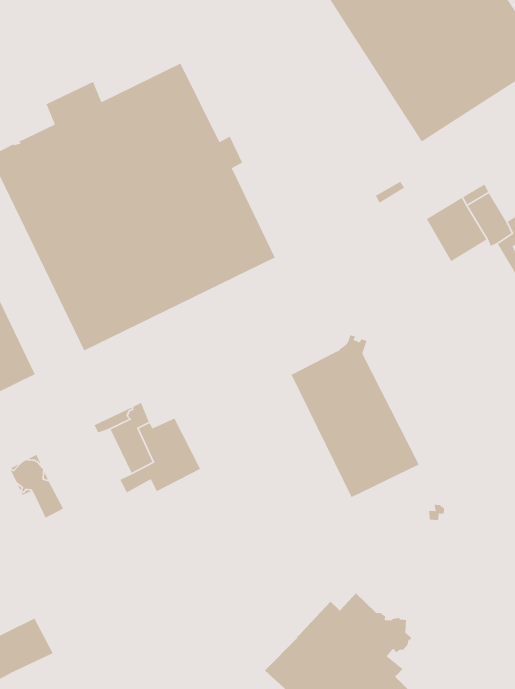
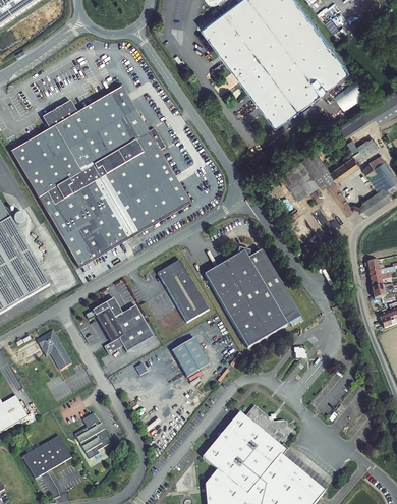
building: none -> [248,249,301,324]
building: none -> [157,260,209,322]
building: none -> [175,336,214,377]
building: none -> [74,411,110,457]

